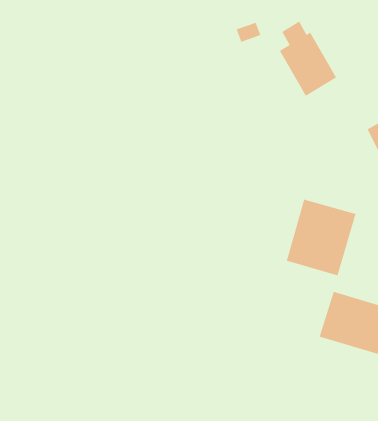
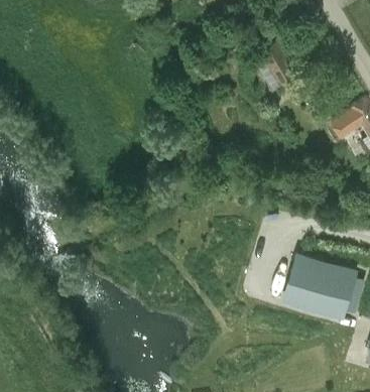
building: [286,199,356,276] -> none

